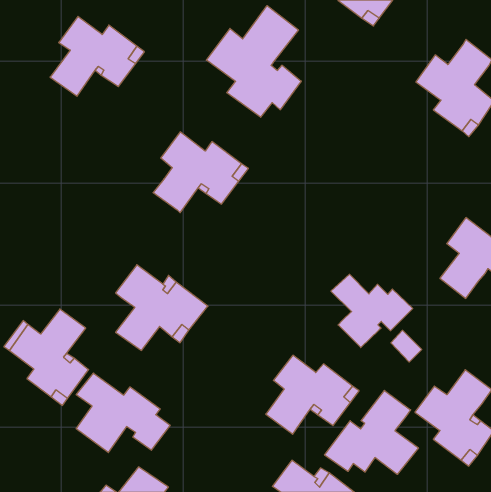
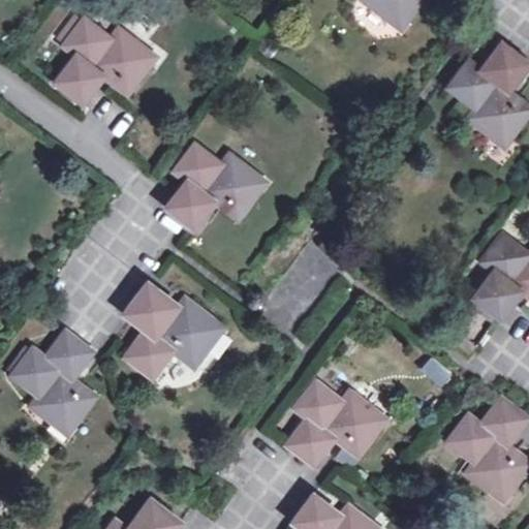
building: [206,6,301,117] -> none
building: [331,274,413,348] -> none
building: [76,373,170,453] -> none
building: [325,390,418,474] -> none

